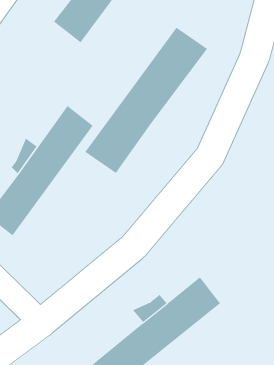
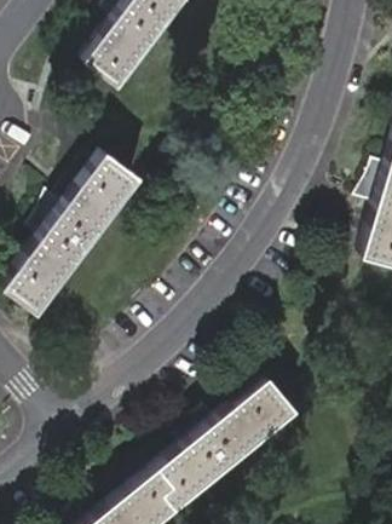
building: [84,27,208,174] -> none

